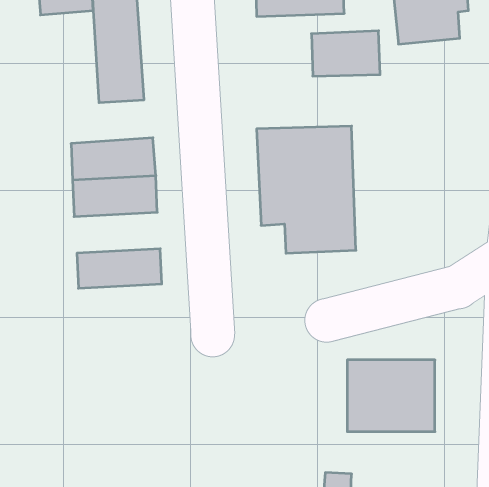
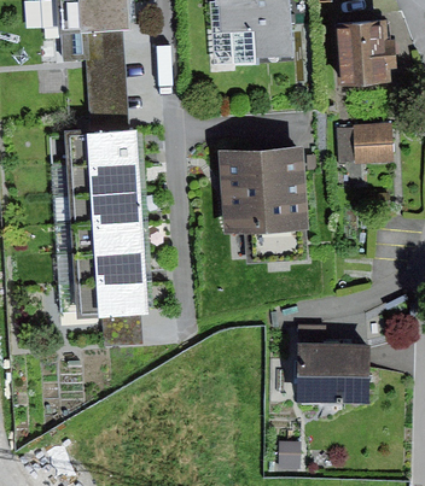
building: [311,31,380,76] -> [337,121,394,158]
building: none -> [66,128,136,165]
building: none -> [71,222,142,256]
building: none -> [75,281,145,318]

